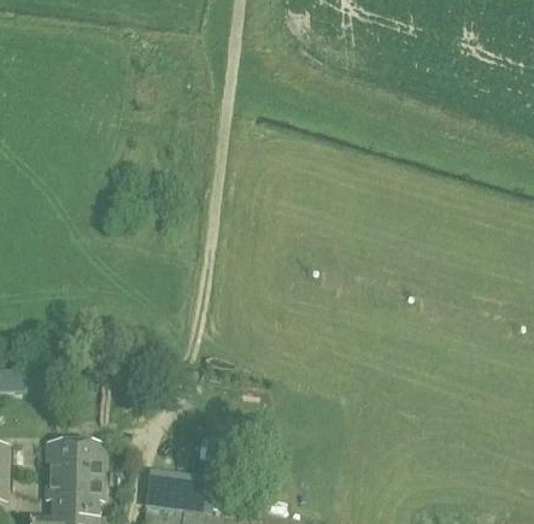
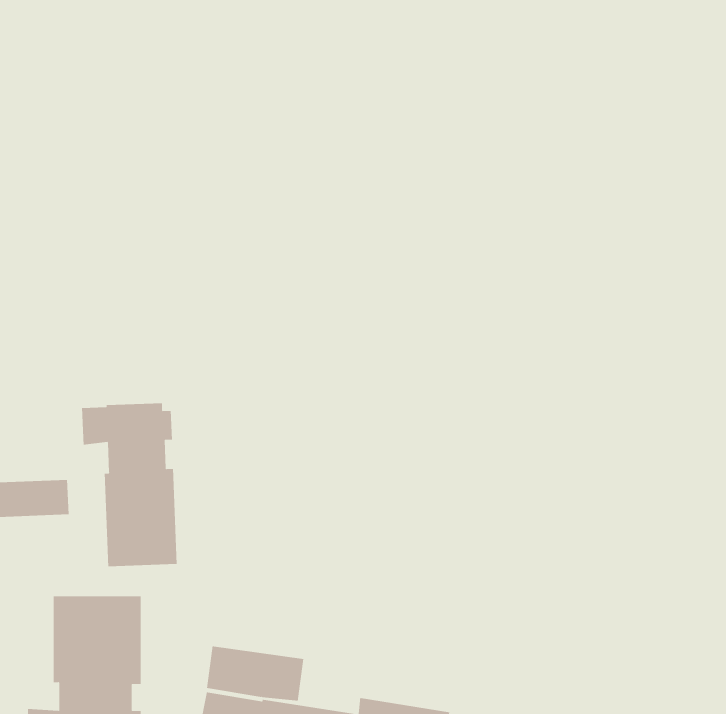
building: none -> [82,402,177,567]

